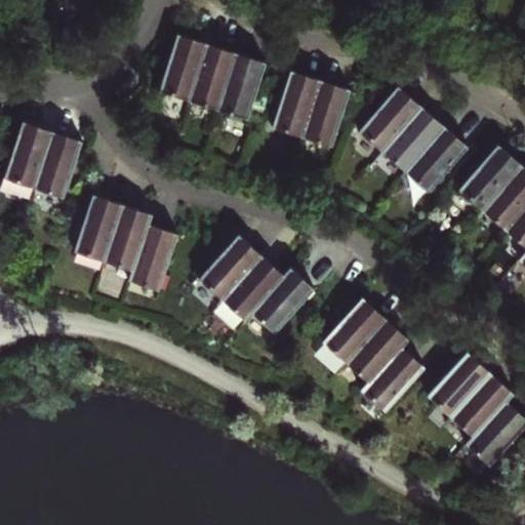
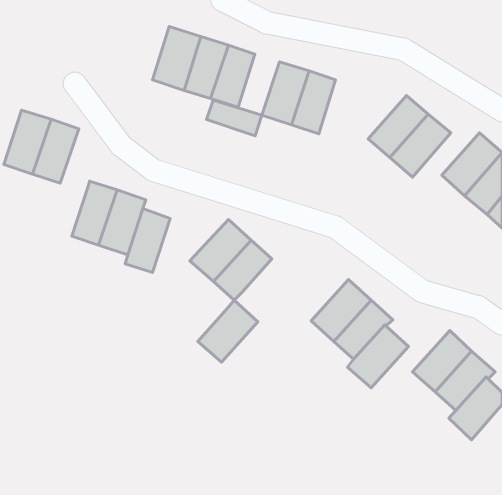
building: [359,86,423,153] -> none
building: none -> [206,100,262,136]
building: [252,270,315,334] -> [198,300,258,362]

